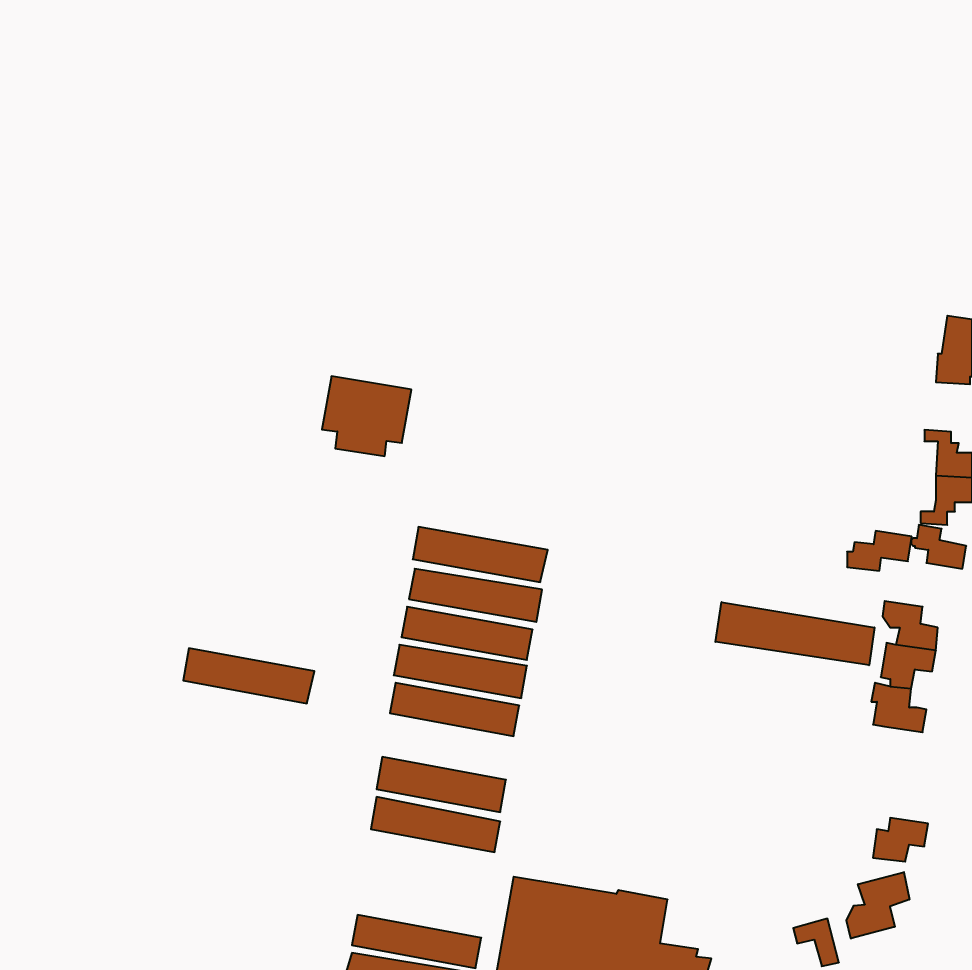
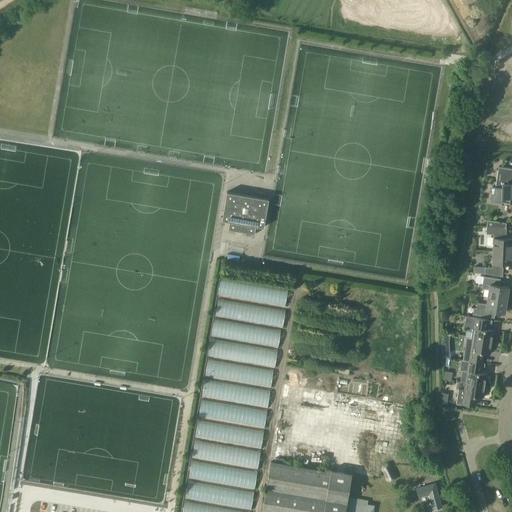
building: [322,376,411,456] -> [222,192,269,234]
building: [847,531,912,571] -> [472,297,506,318]
building: [715,602,874,665] -> none
building: [183,648,314,703] -> [201,379,270,408]
building: [873,818,928,862] -> [456,383,485,406]
building: none -> [192,440,260,469]
building: [846,872,909,939] -> none
building: none -> [188,461,257,490]

